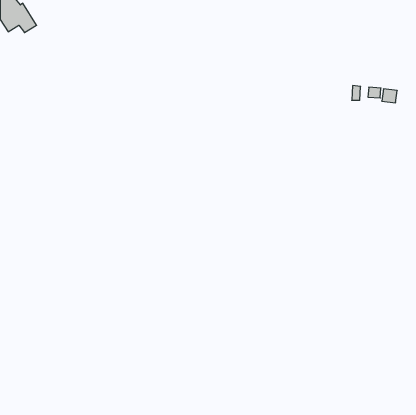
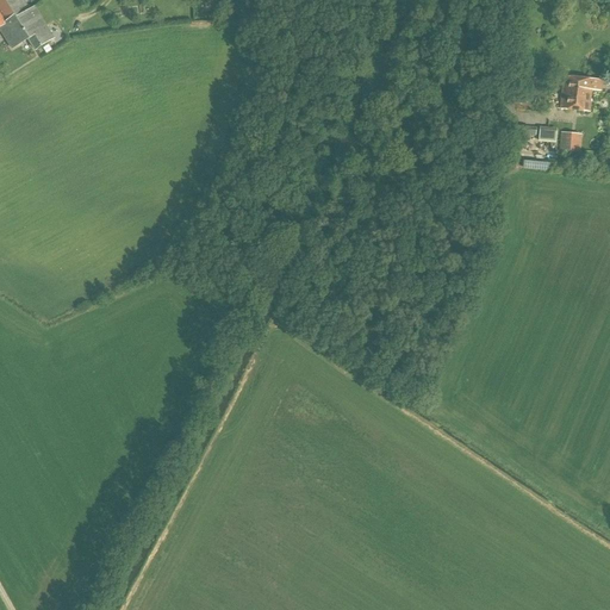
building: none -> [560,75,602,110]

